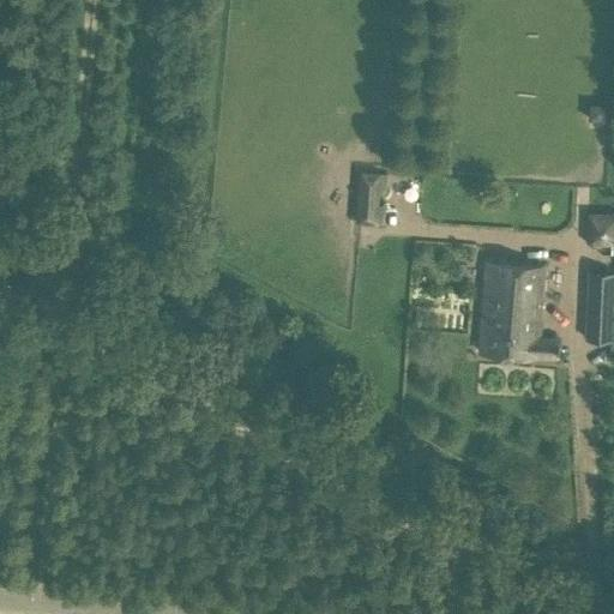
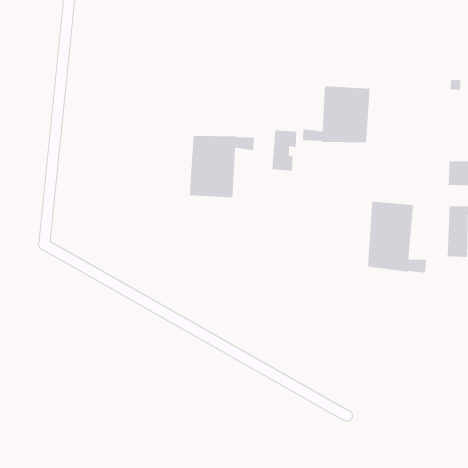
building: none -> [302,86,371,143]
building: none -> [189,135,255,198]

